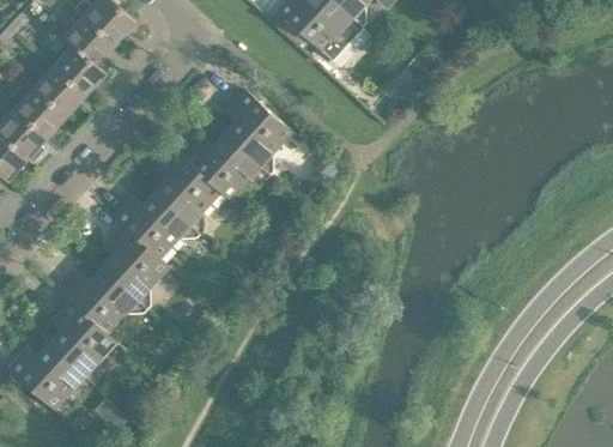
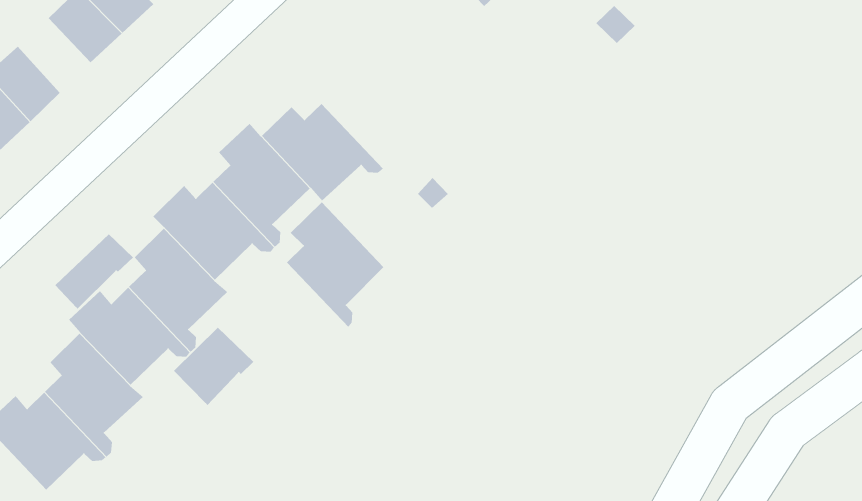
building: [16,87,66,138] -> none
building: [225,90,292,175] -> [286,201,384,328]
building: none -> [54,233,134,310]
building: none -> [173,327,254,406]

